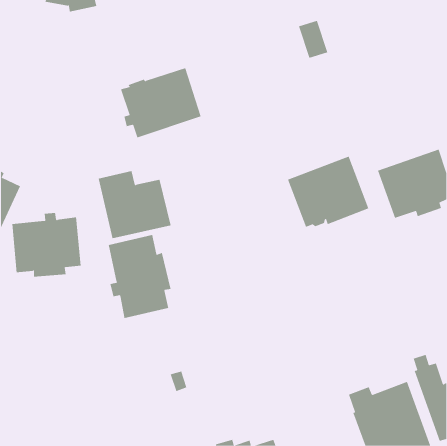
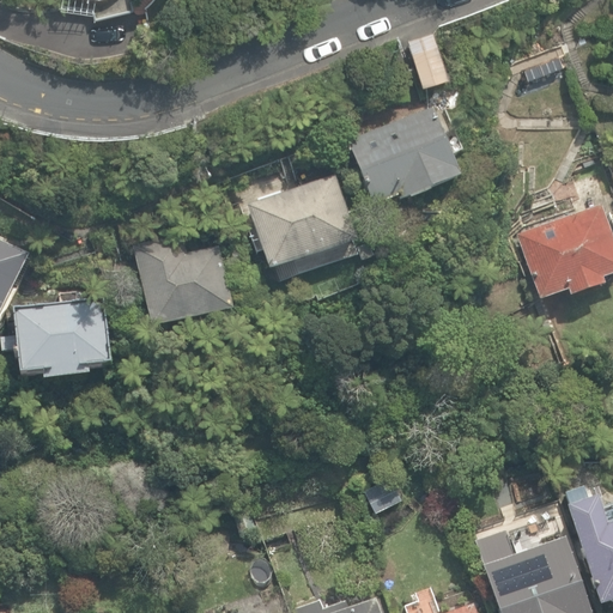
building: [120,67,201,138] -> [247,174,358,271]
building: [287,156,369,228] -> [348,107,461,205]
building: [108,234,171,319] -> none

